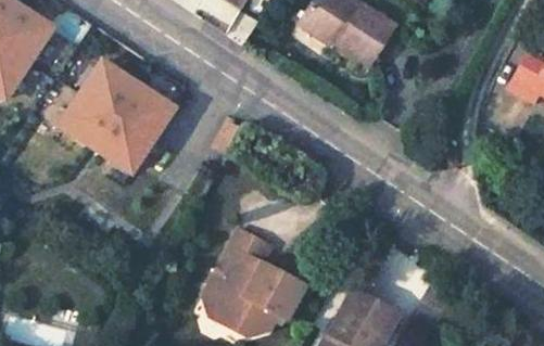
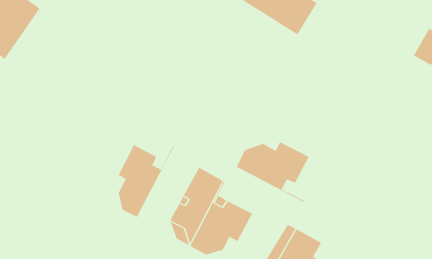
building: [58,64,172,176] -> none
building: none -> [236,141,309,202]
building: none -> [118,144,174,217]

